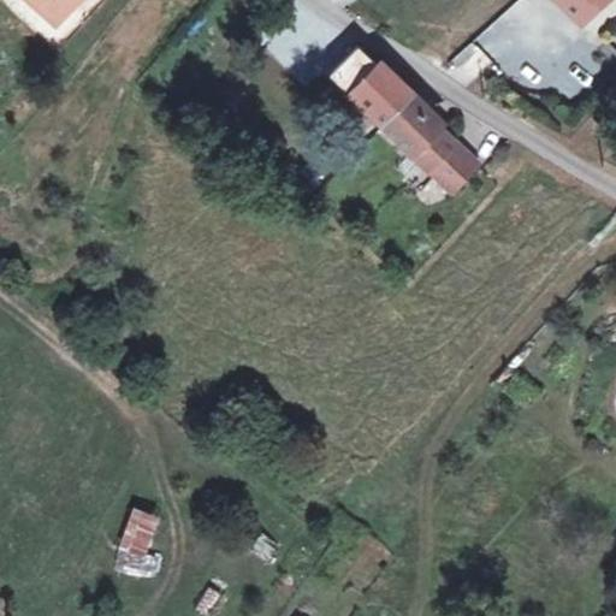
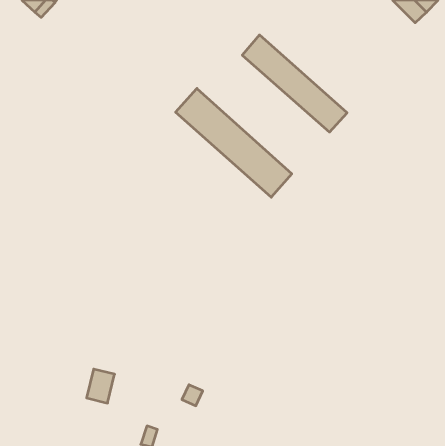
building: none -> [176,88,292,197]

